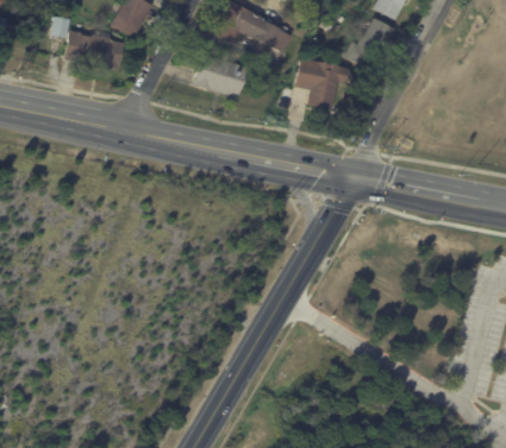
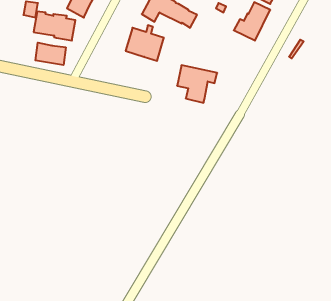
building: [295,58,351,111] -> [177,65,217,103]
building: none -> [35,43,66,65]

